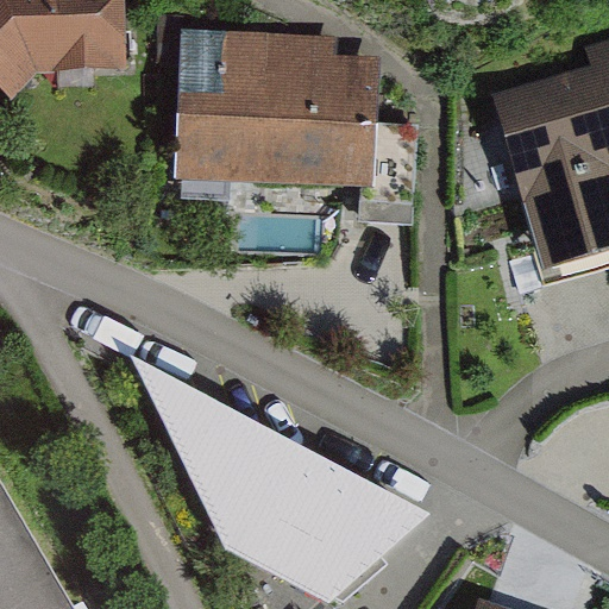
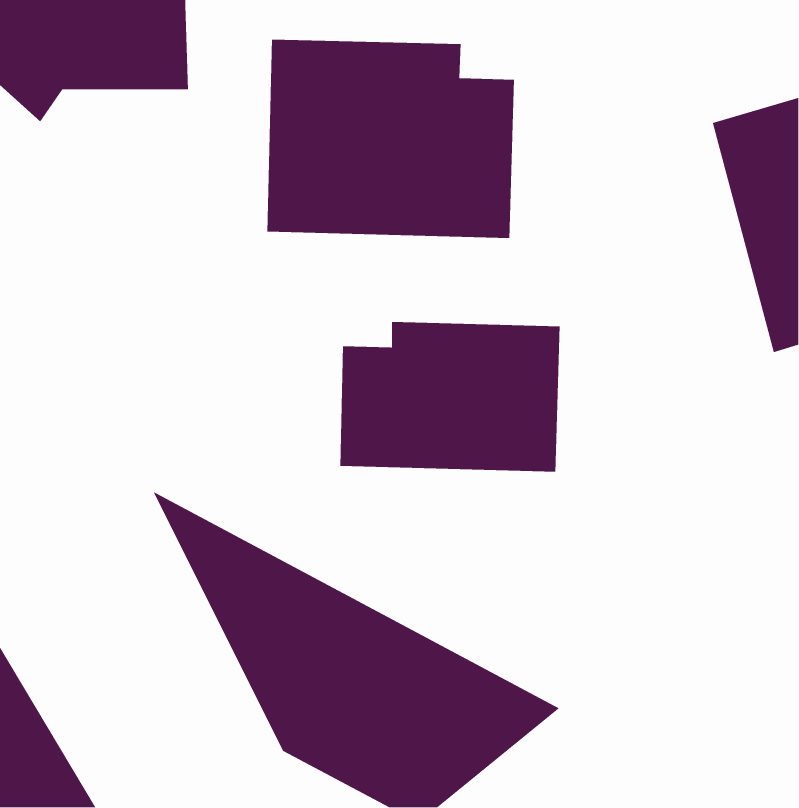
building: none -> [340,321,560,472]

